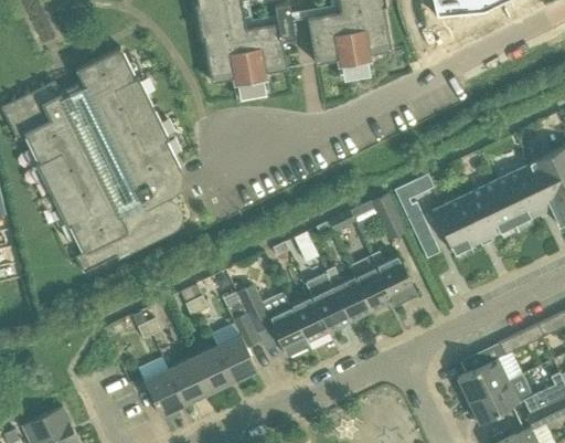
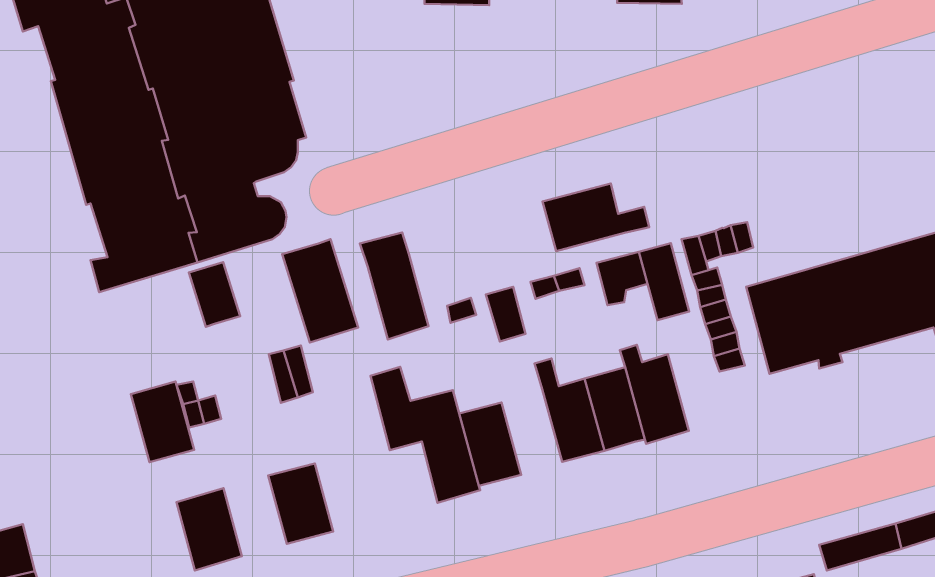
building: none -> [542,183,649,251]
building: none -> [282,239,358,343]
building: none -> [189,262,240,327]
building: [305,273,350,333] -> [360,232,429,339]
building: [215,317,258,381] -> none
building: [168,357,207,403] -> [131,382,194,462]

